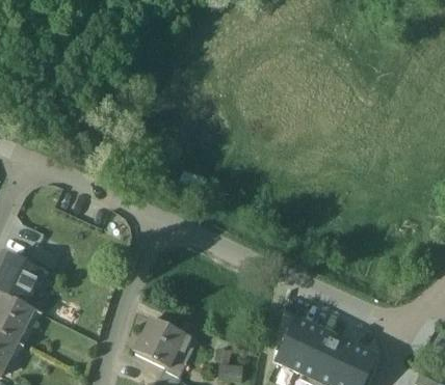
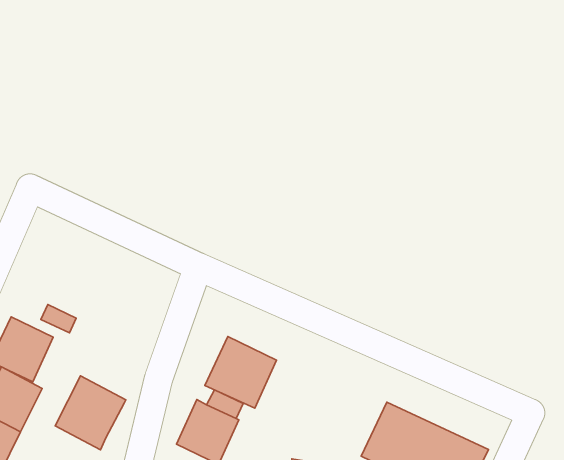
building: none -> [205,337,276,408]
building: none -> [55,376,126,450]

